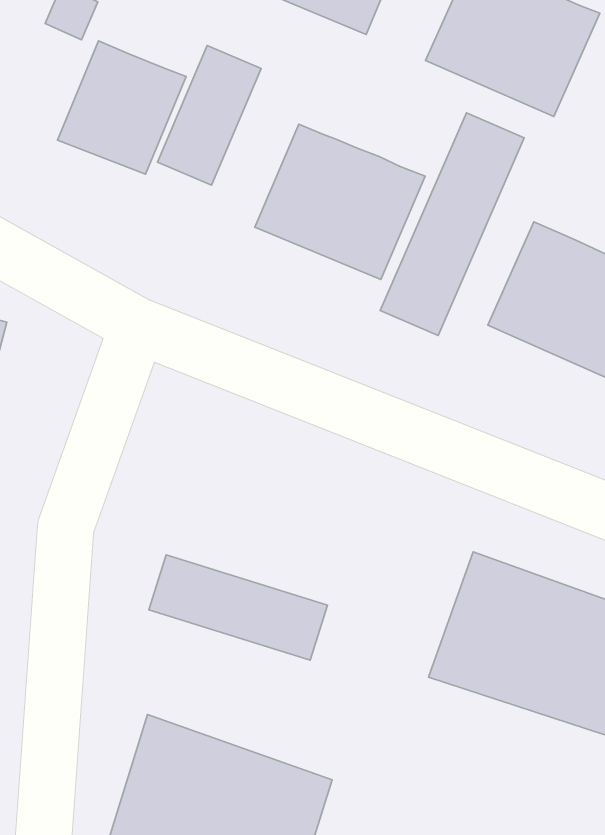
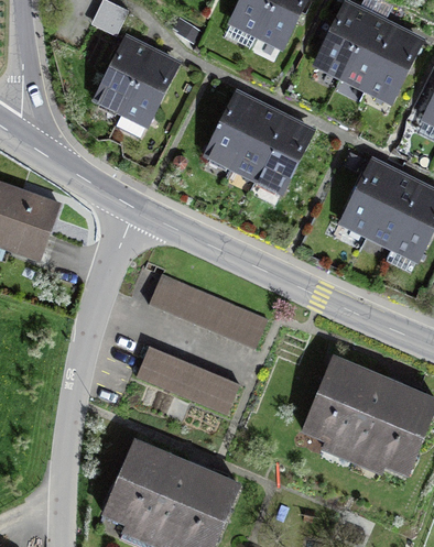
building: [157,46,261,185] -> none
building: [380,113,524,336] -> none
building: none -> [156,275,267,349]

